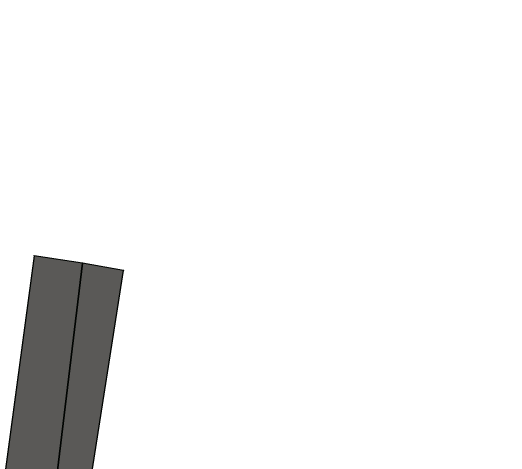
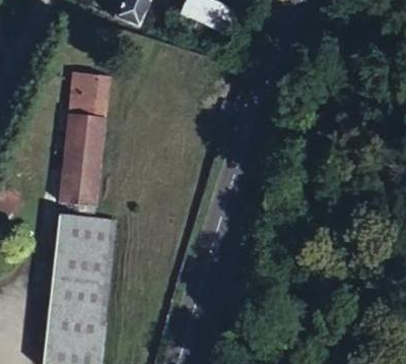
building: none -> [58,71,109,219]

